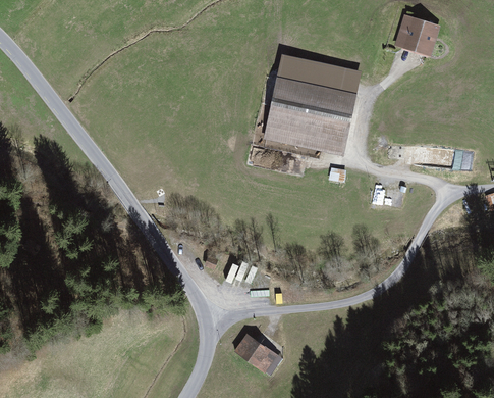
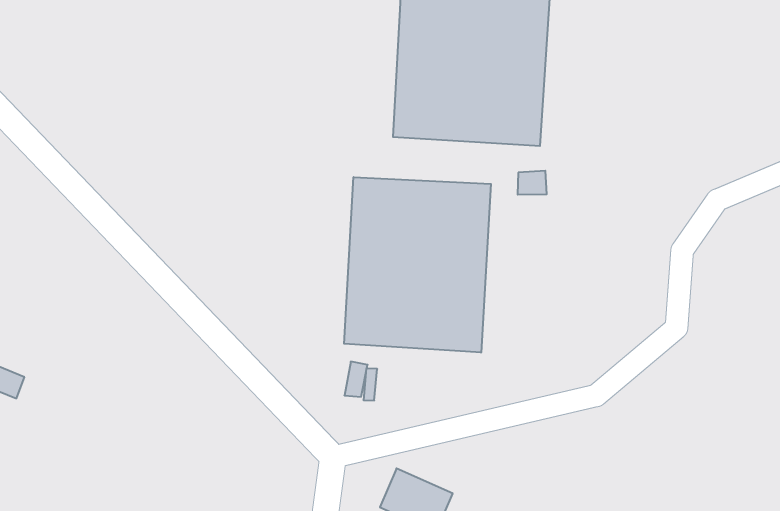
building: none -> [344,177,491,353]

